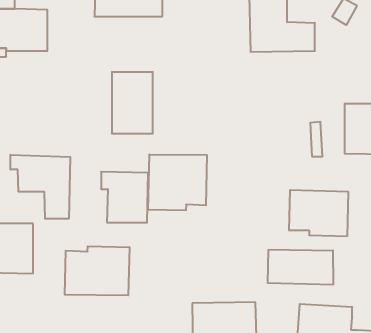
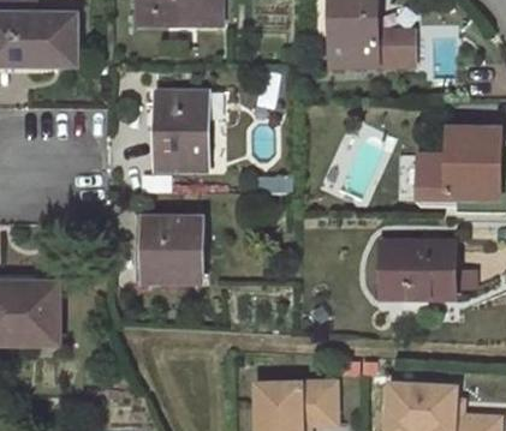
building: [148,154,207,210] -> none
building: [10,155,70,219] -> none
building: [65,246,129,295] -> none
building: [268,250,333,285] -> none

